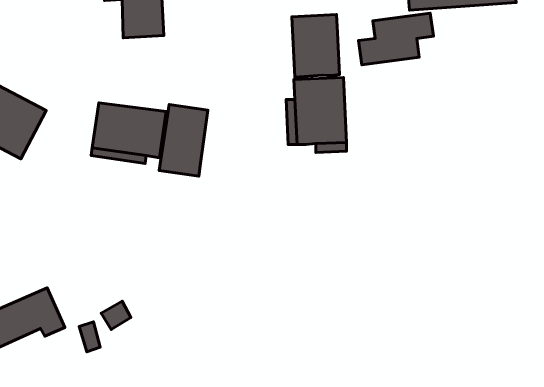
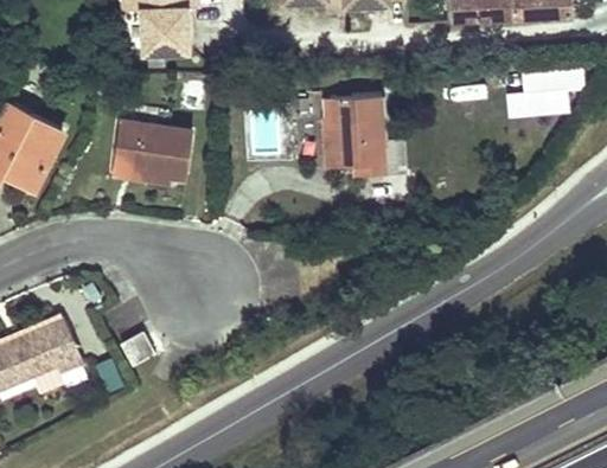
building: [359,13,433,65] -> [506,59,587,115]
building: [292,14,340,77] -> none
building: [159,105,208,176] -> none

